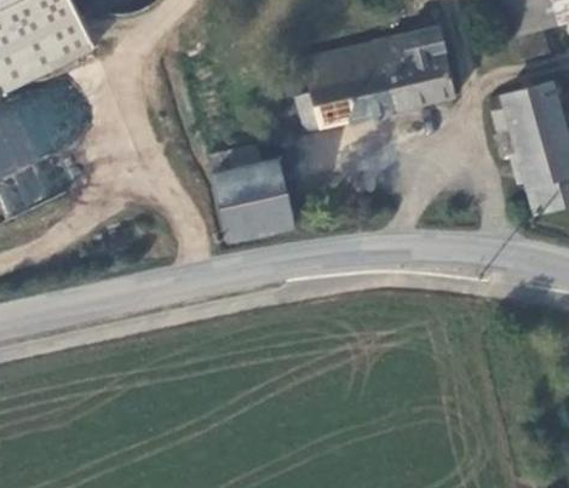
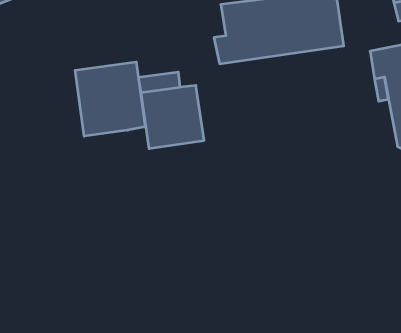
building: none -> [75,62,145,136]

